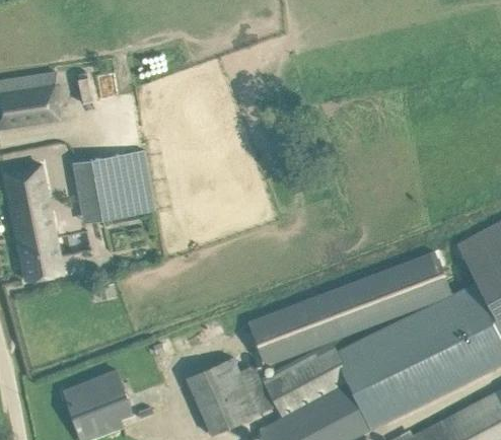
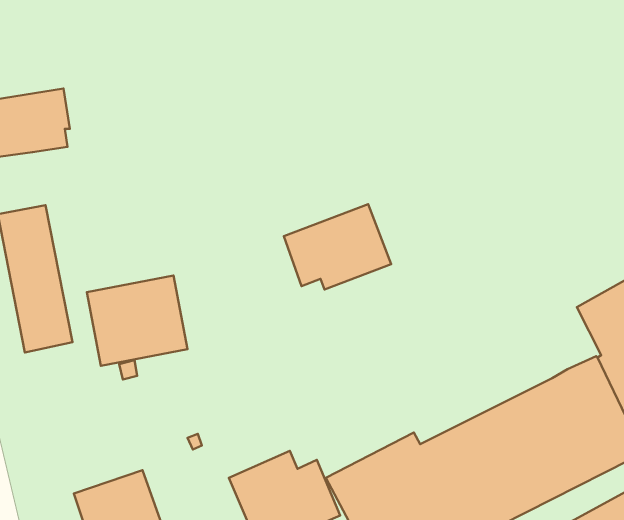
building: [77,152,156,223] -> [87,275,188,366]
building: none -> [284,204,391,289]
building: [247,251,451,368] -> none

